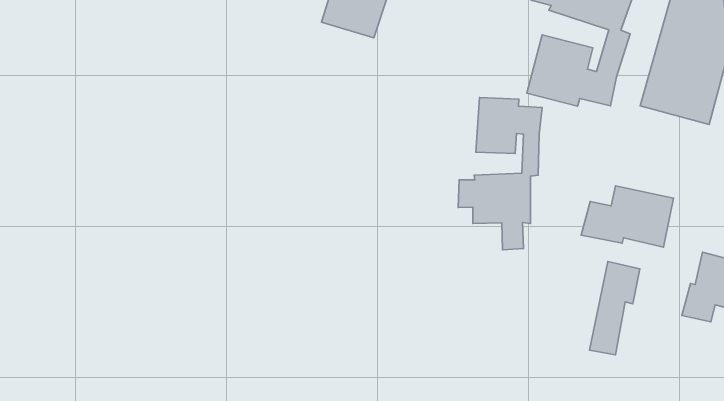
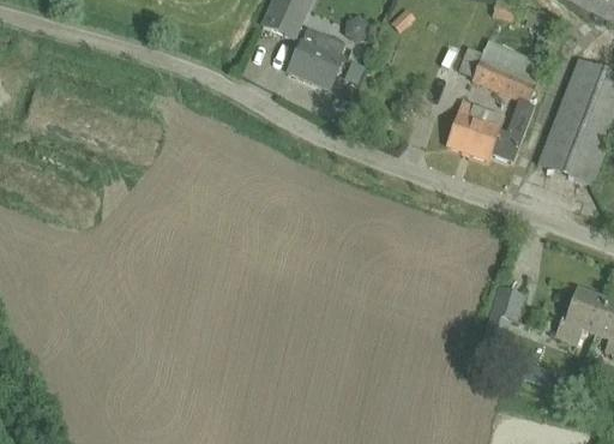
building: [458,98,542,250] -> none
building: [581,186,674,247] -> none

